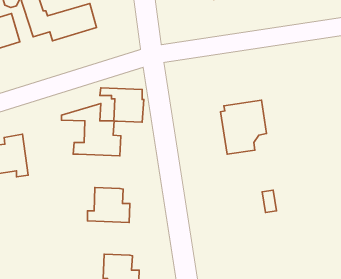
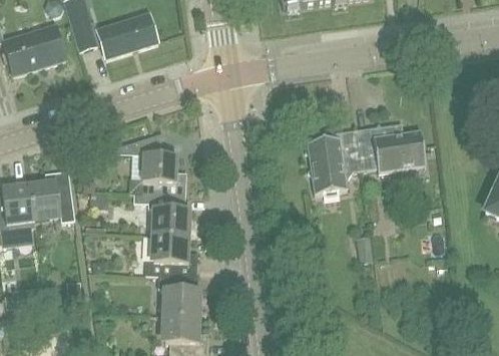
building: [100,88,144,122] -> [133,194,186,235]
building: none -> [355,122,425,171]
building: none -> [145,274,197,315]

